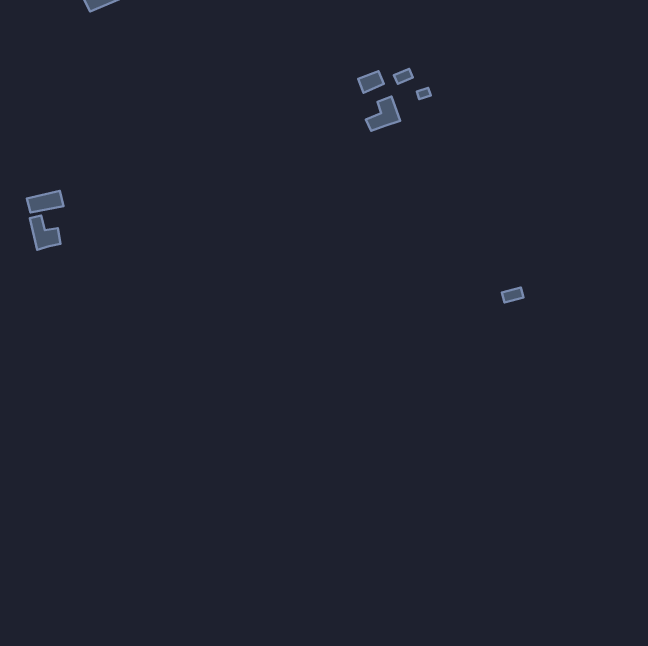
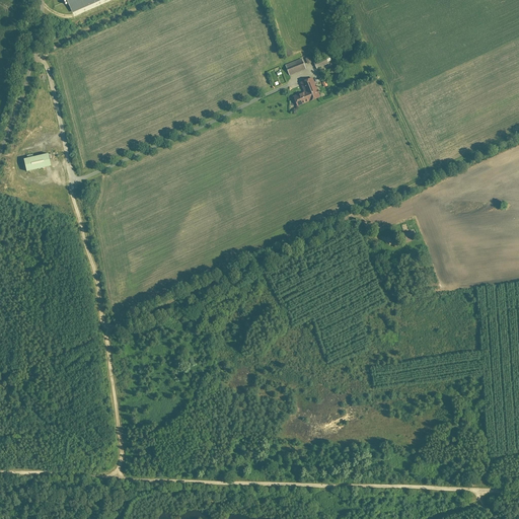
building: [30,216,61,250] -> none

